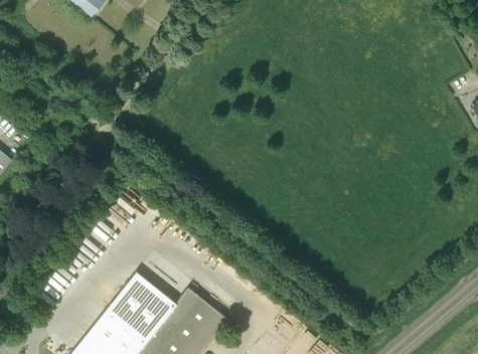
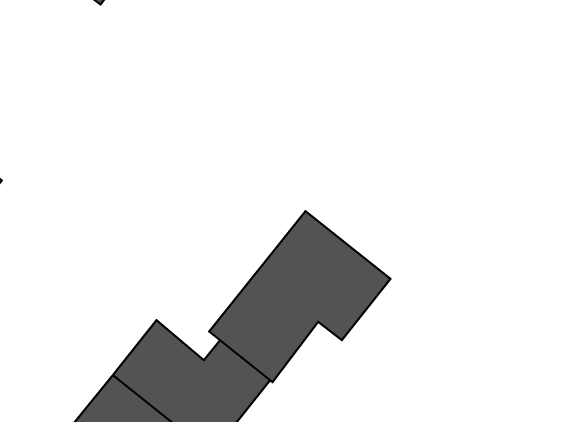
building: none -> [209,211,390,382]

